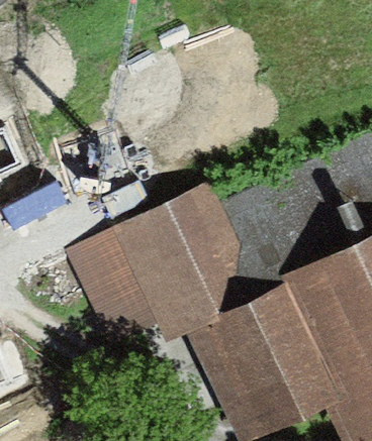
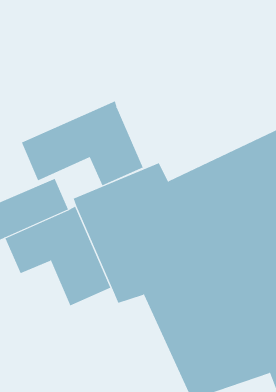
building: none -> [21,101,143,186]

